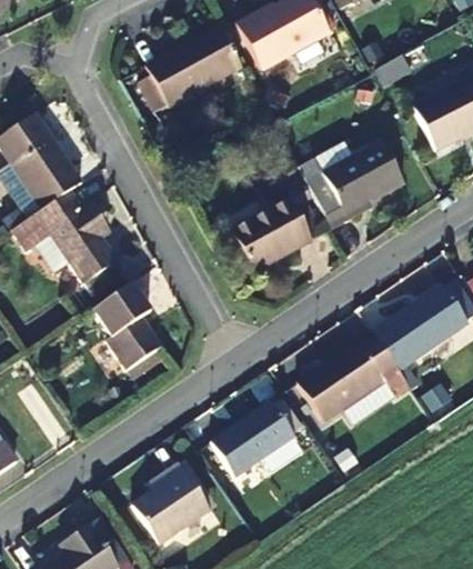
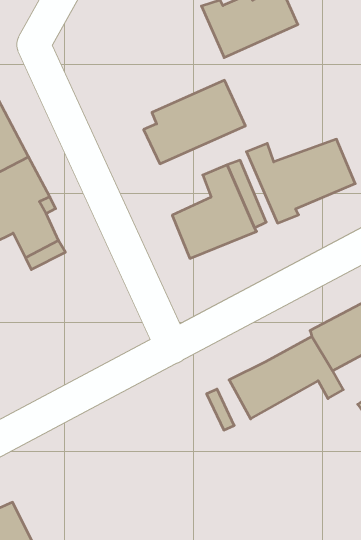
building: [141,26,241,113] -> [144,80,245,164]
building: [97,279,164,370] -> none
building: [205,403,291,477] -> none
building: [130,465,207,542] -> none

